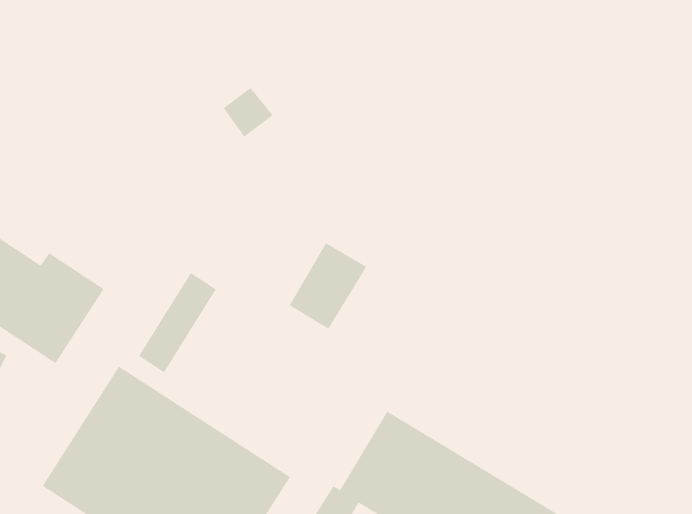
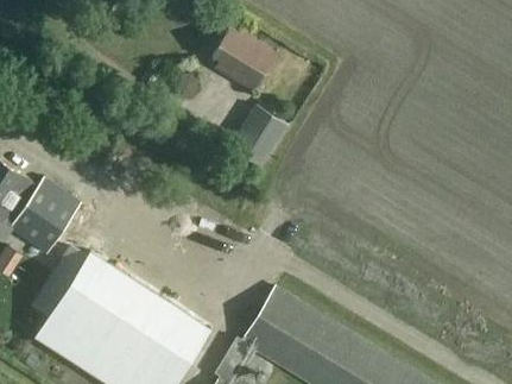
building: none -> [213,26,274,90]
building: [289,242,367,330] -> [233,107,286,166]
building: [138,272,217,373] -> [33,248,87,317]

